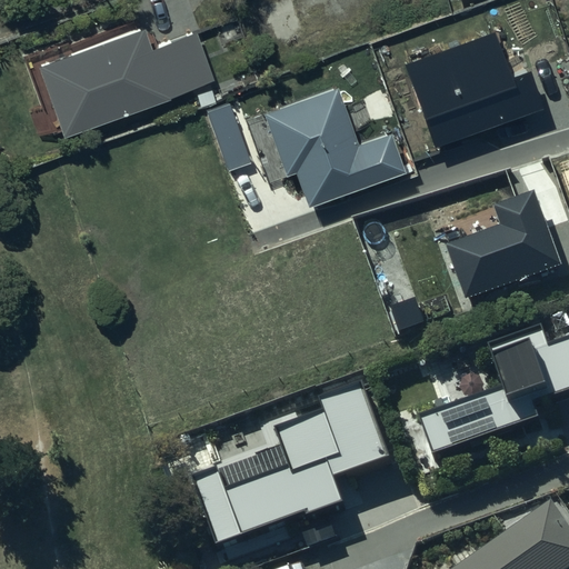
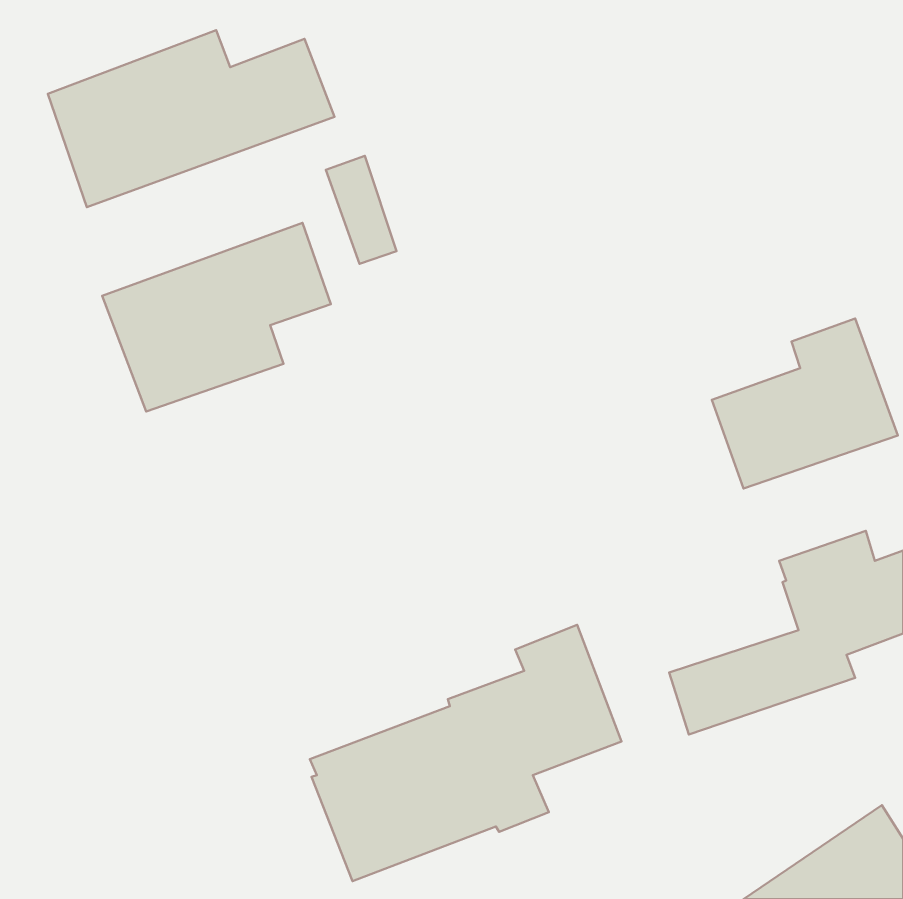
building: [406,29,545,144] -> none
building: [260,81,403,201] -> none
building: none -> [102,223,331,411]

